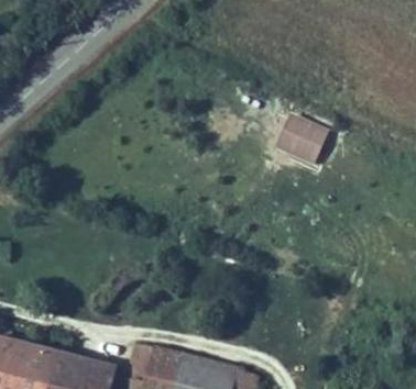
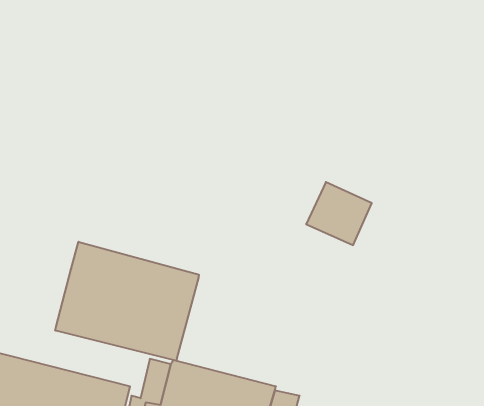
building: [275,109,330,162] -> [306,182,372,245]
building: none -> [55,242,199,361]

